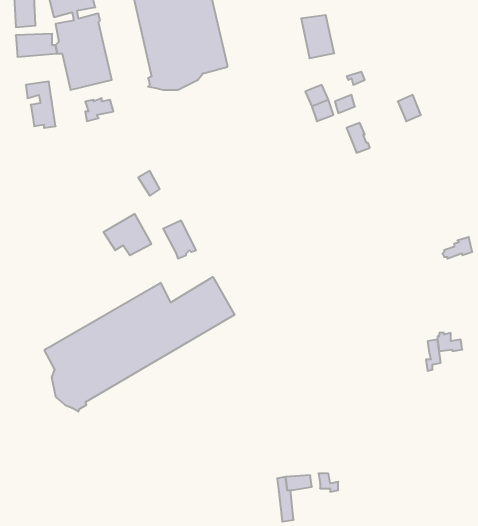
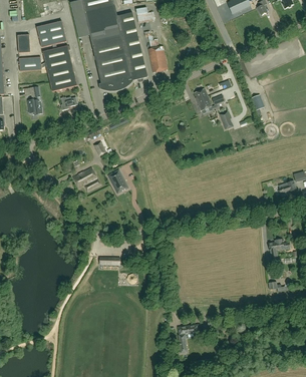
building: [301,15,334,58] -> [147,45,168,71]
building: [45,277,235,412] -> none

